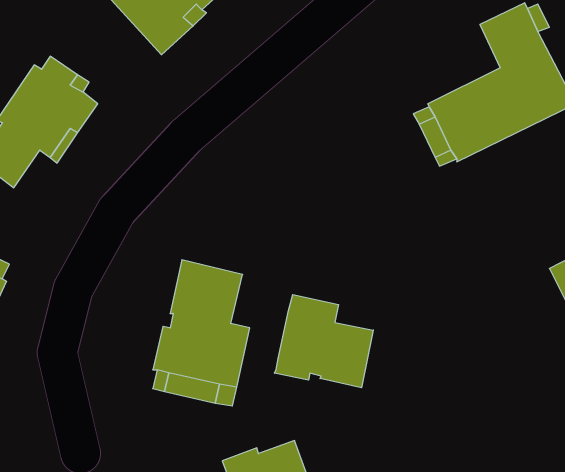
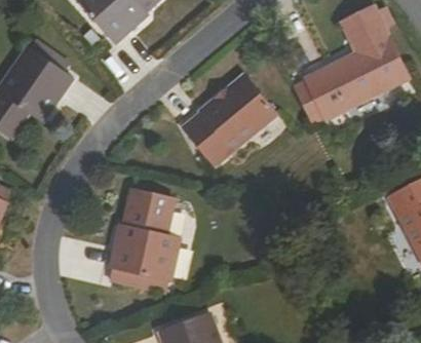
building: none -> [182,77,273,161]
building: [275,295,373,388] -> none

